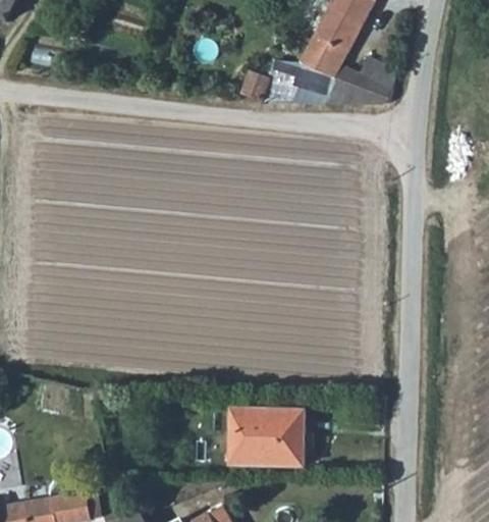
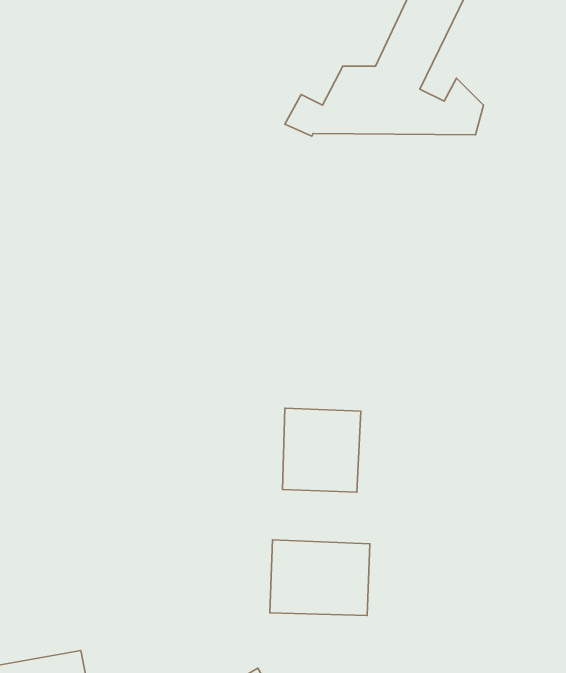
building: none -> [282,408,361,492]

